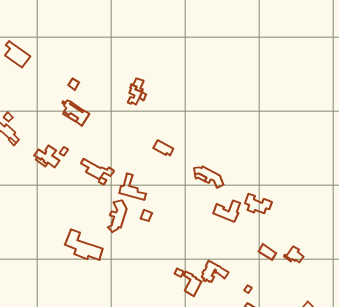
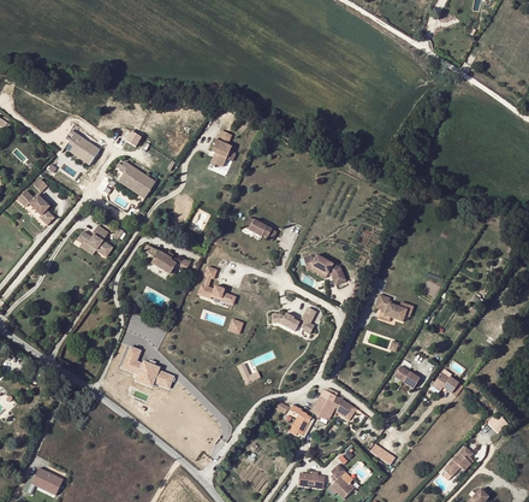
building: [5,41,30,67] -> [64,128,100,165]
building: [108,200,127,232] -> none
building: [213,201,240,222] -> [278,306,316,336]

